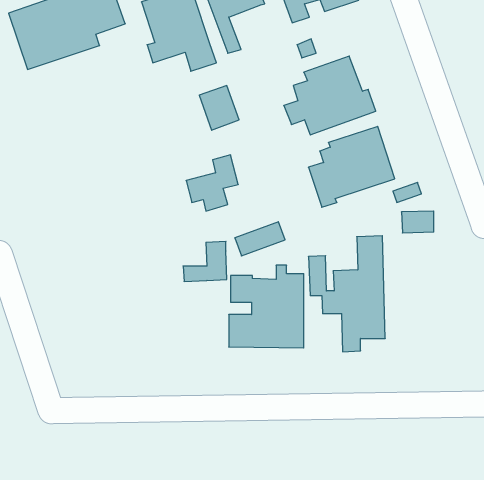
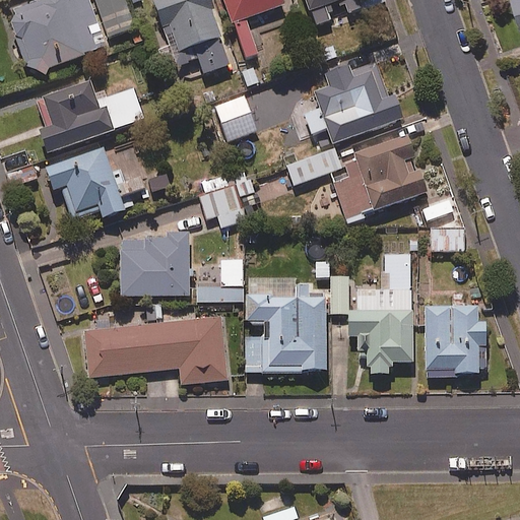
building: none -> [37,81,143,153]
building: none -> [44,147,147,219]
building: none -> [120,229,190,296]
building: [235,222,285,256] -> [286,147,340,184]
building: none -> [425,290,491,376]
building: none -> [83,316,226,383]

